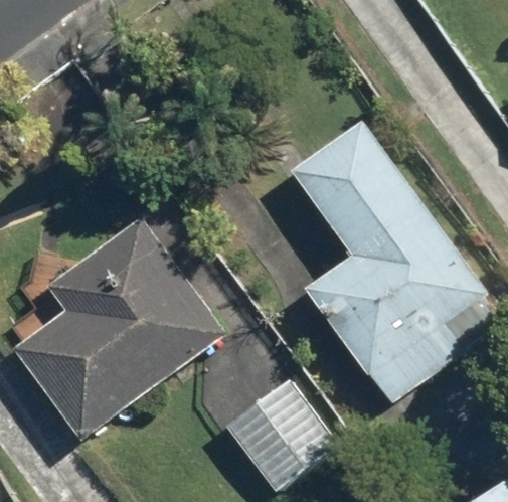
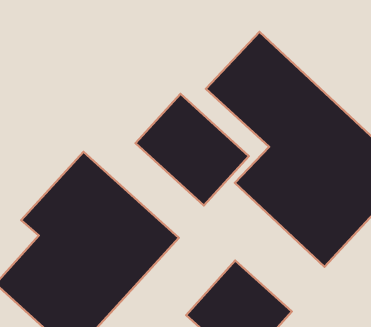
building: none -> [136,94,249,206]

